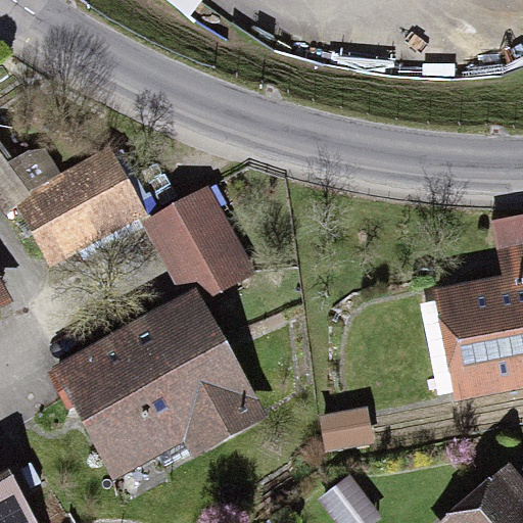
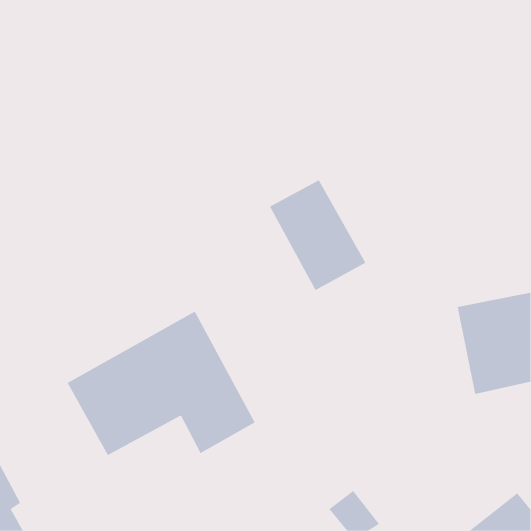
building: [18,154,135,253] -> none
building: [152,192,247,301] -> [269,179,366,291]

